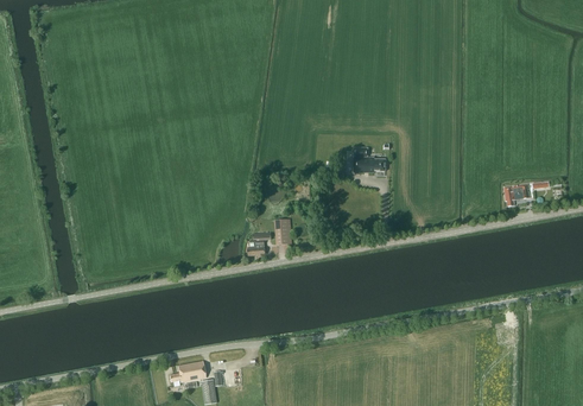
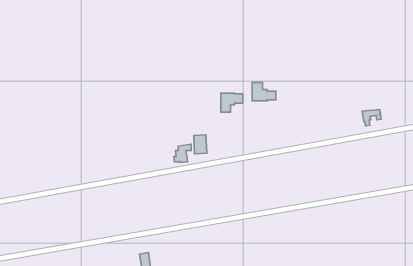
building: none -> [221,93,243,112]
building: [170,361,205,382] -> none

